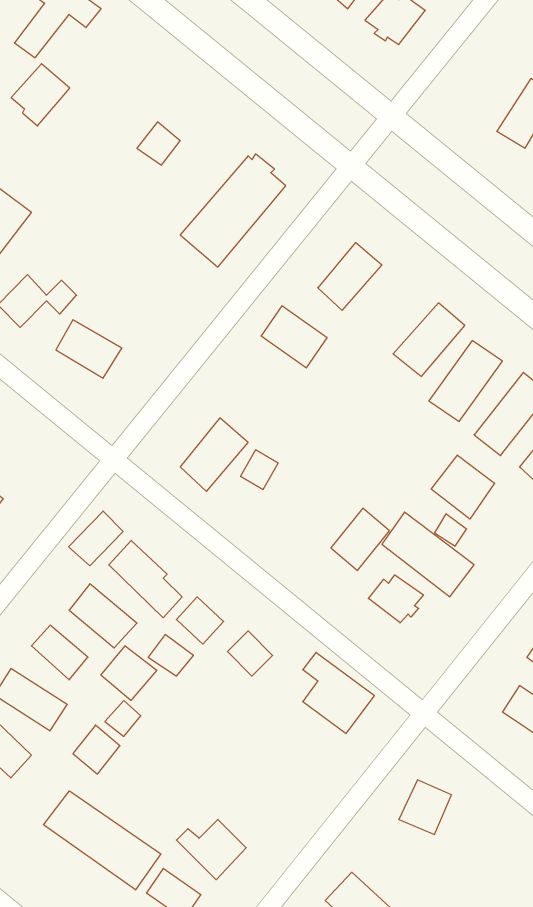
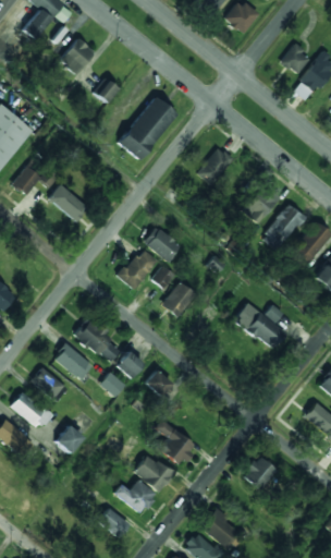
building: [11,64,70,126] -> [62,38,96,74]
building: none -> [280,44,310,74]
building: [261,306,327,368] -> [143,226,181,262]
building: [431,455,495,519] -> none
building: [331,508,389,570] -> [161,281,195,317]
building: [69,511,123,566] -> none
building: [368,575,423,623] -> none
building: [101,646,157,700] -> none
building: [303,653,374,734] -> [155,420,196,466]
building: none -> [133,453,173,493]
building: [44,791,161,890] -> none

